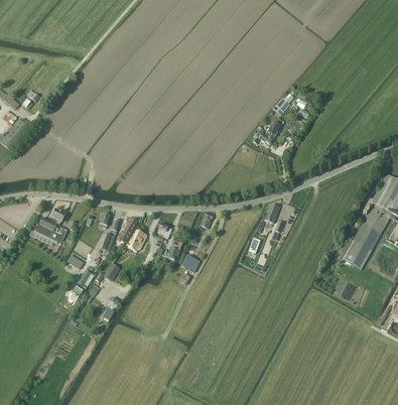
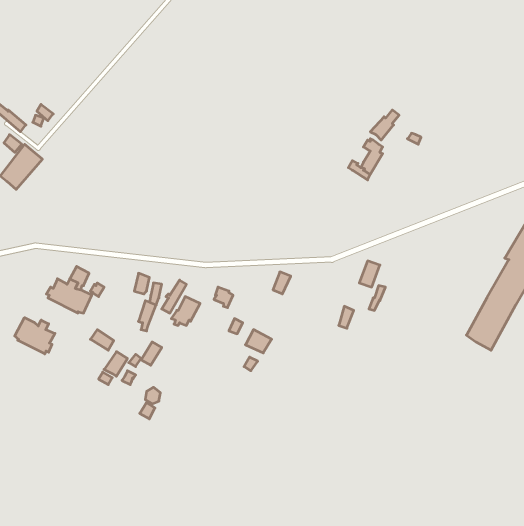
building: none -> [15,318,55,354]

